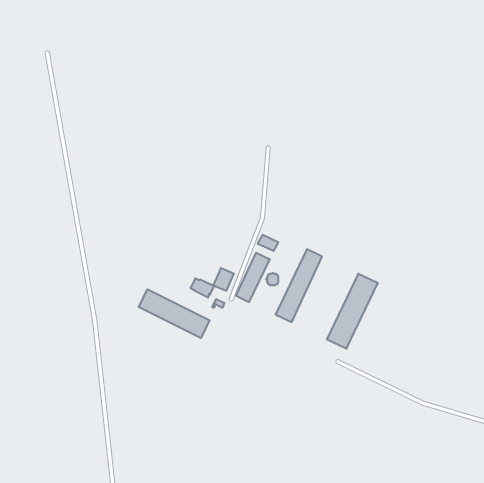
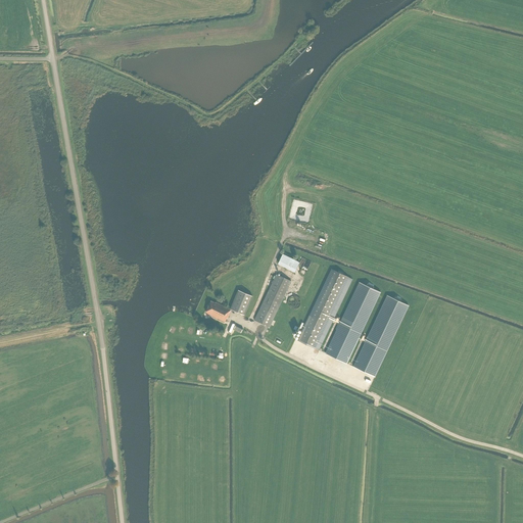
building: none -> [325,282,380,363]
building: [139,289,210,338] -> none

